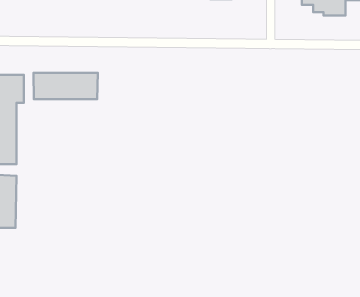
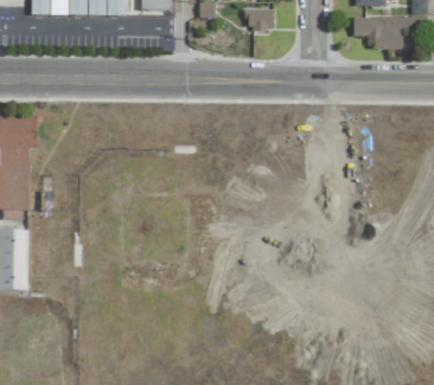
building: [33,73,98,99] -> none

